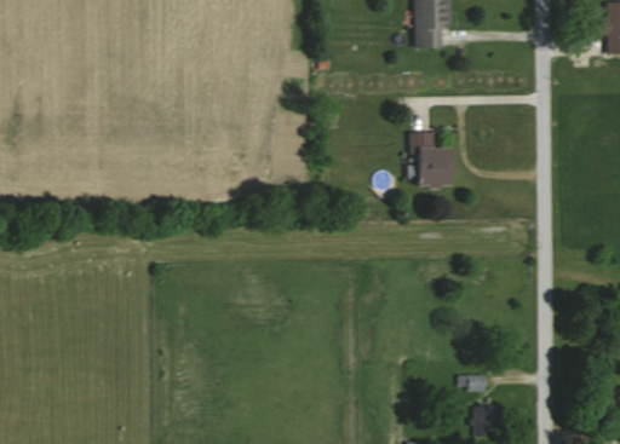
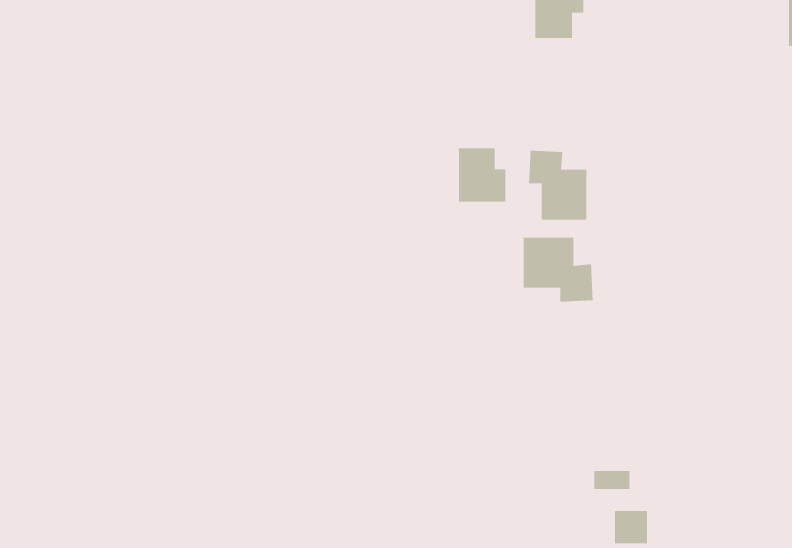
building: none -> [459,148,506,202]
building: none -> [523,237,593,303]

